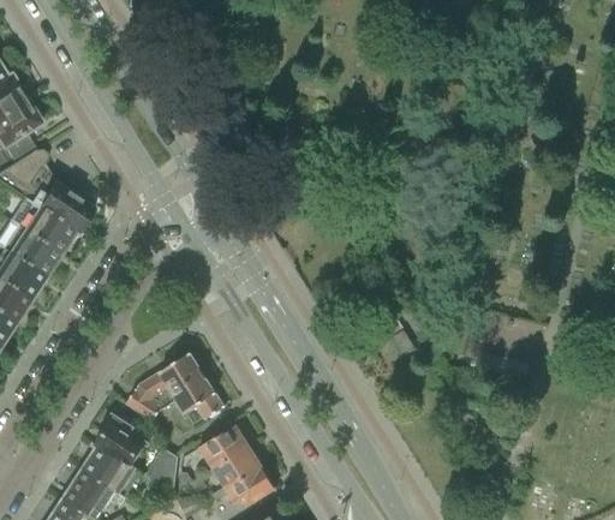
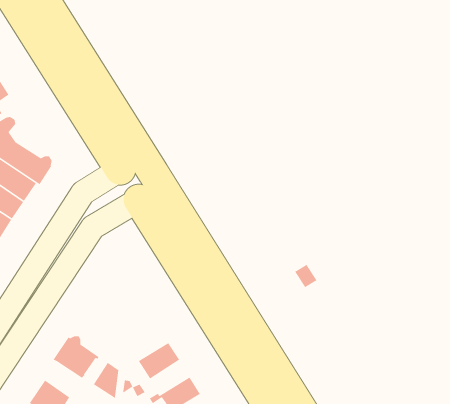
building: [126,353,223,425] -> none
building: [211,447,261,490] -> none
building: [83,449,129,492] -> none

